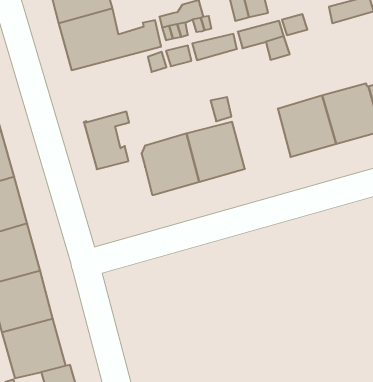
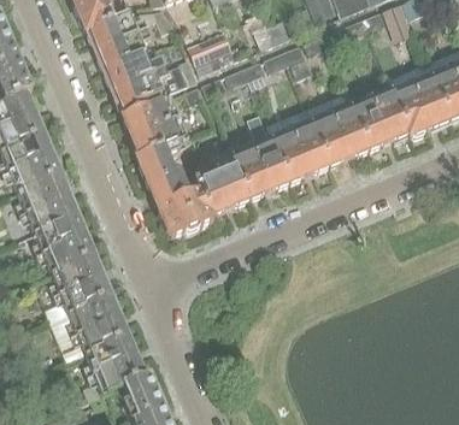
building: none -> [120,95,180,155]
building: none -> [269,122,325,179]
building: none -> [152,185,210,235]

